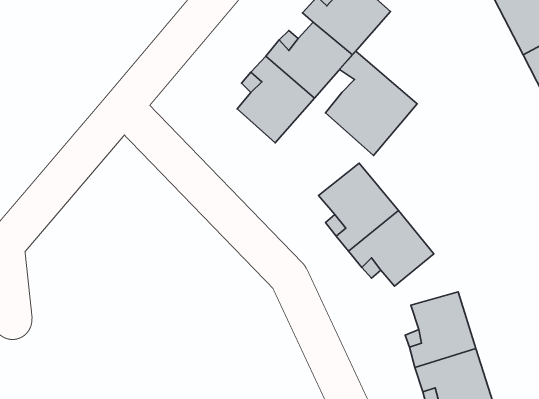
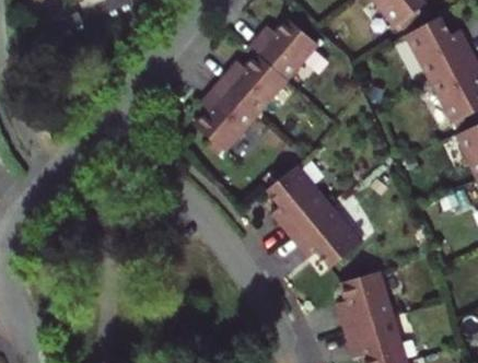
building: [326,51,417,156] -> none

